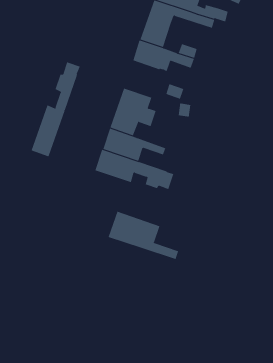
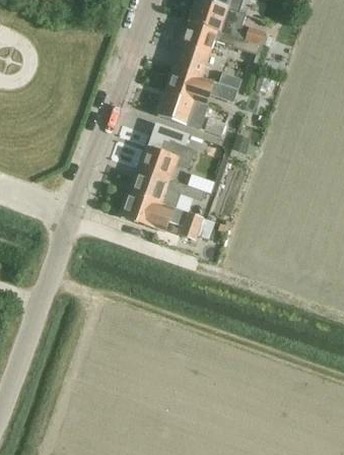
building: none -> [157,90,201,125]
building: [31,61,80,157] -> none
building: [108,211,179,260] -> none

